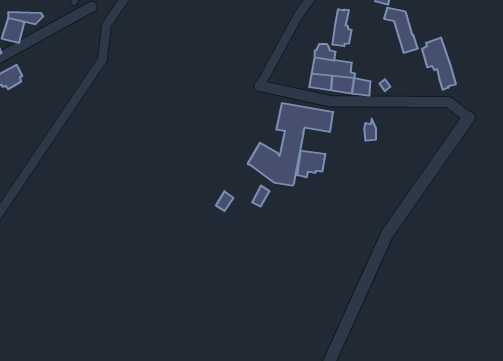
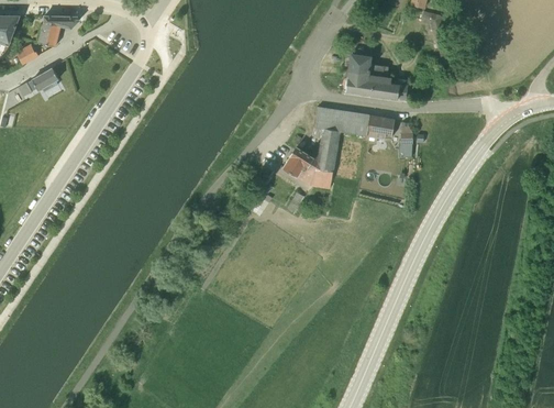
building: [332,9,352,46] -> none
building: [422,37,456,90] -> none
building: [297,151,326,177] -> [366,115,395,142]

